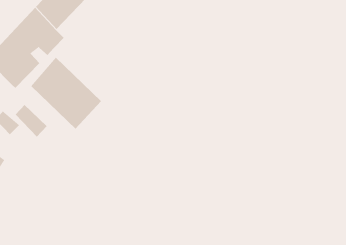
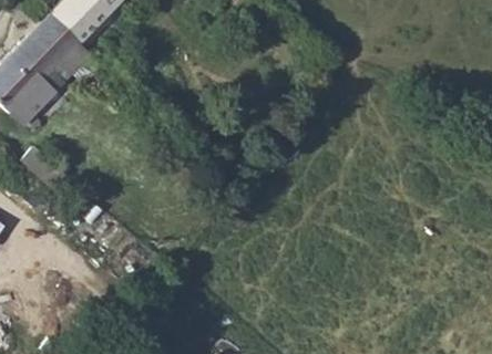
building: [30,57,102,130] -> none

